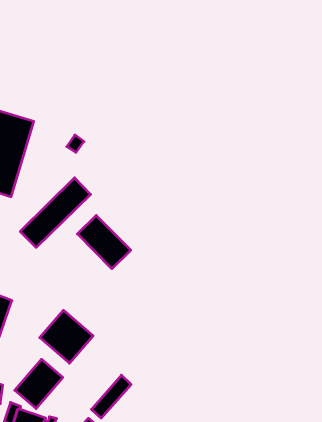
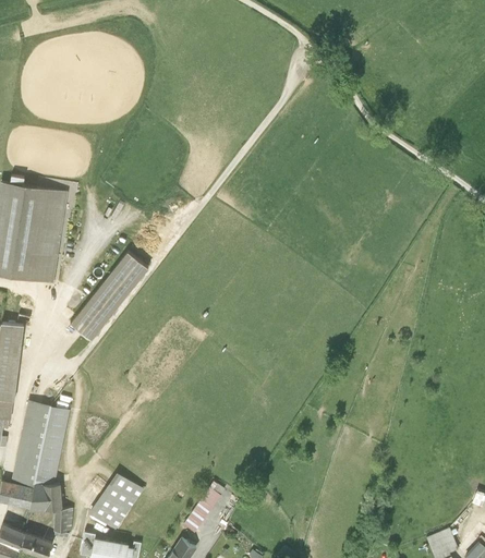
building: [77,215,131,269] -> none
building: [40,310,93,363] -> none

